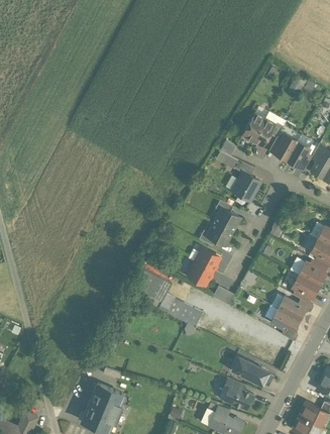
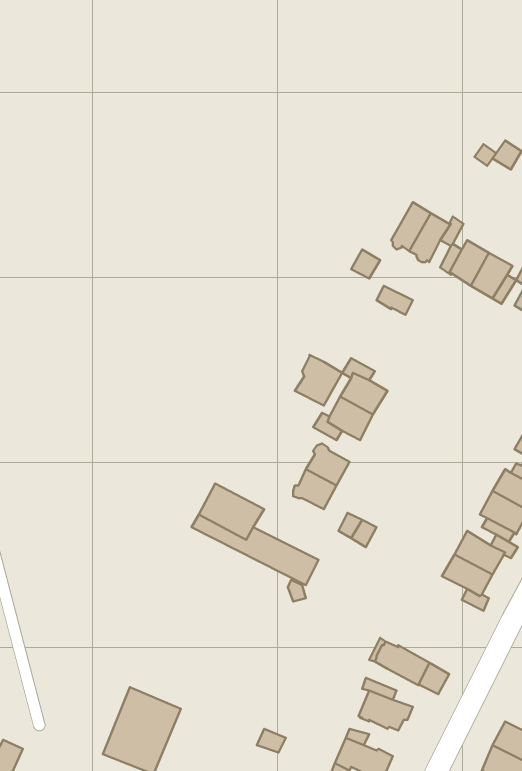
building: [233,173,259,201] -> [295,355,342,406]

